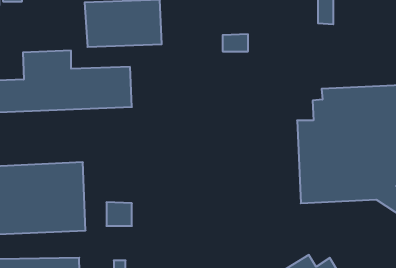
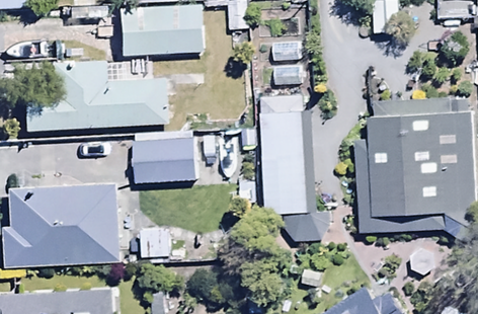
building: none -> [260,97,330,241]
building: none -> [133,132,195,184]

